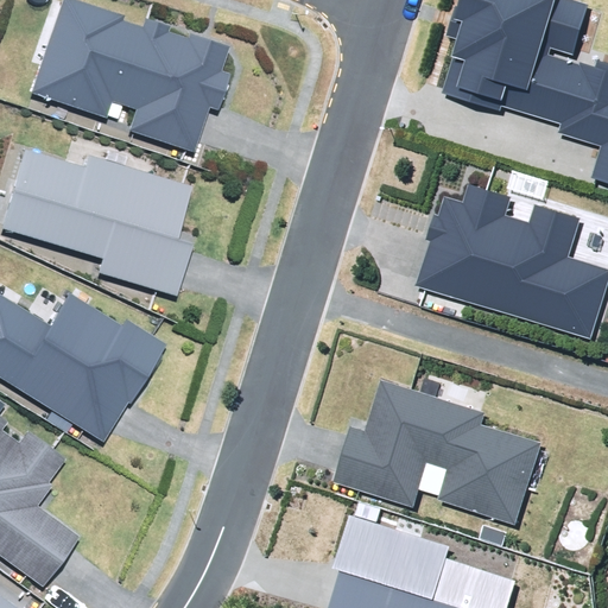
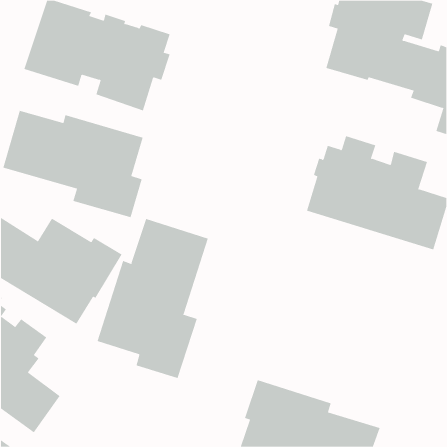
building: none -> [97,218,209,379]
building: [331,380,542,525] -> none

